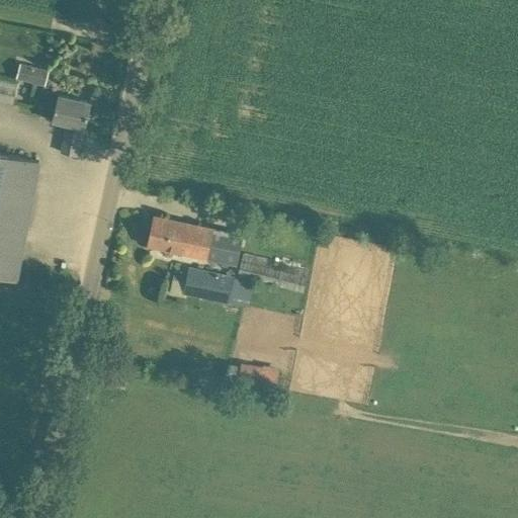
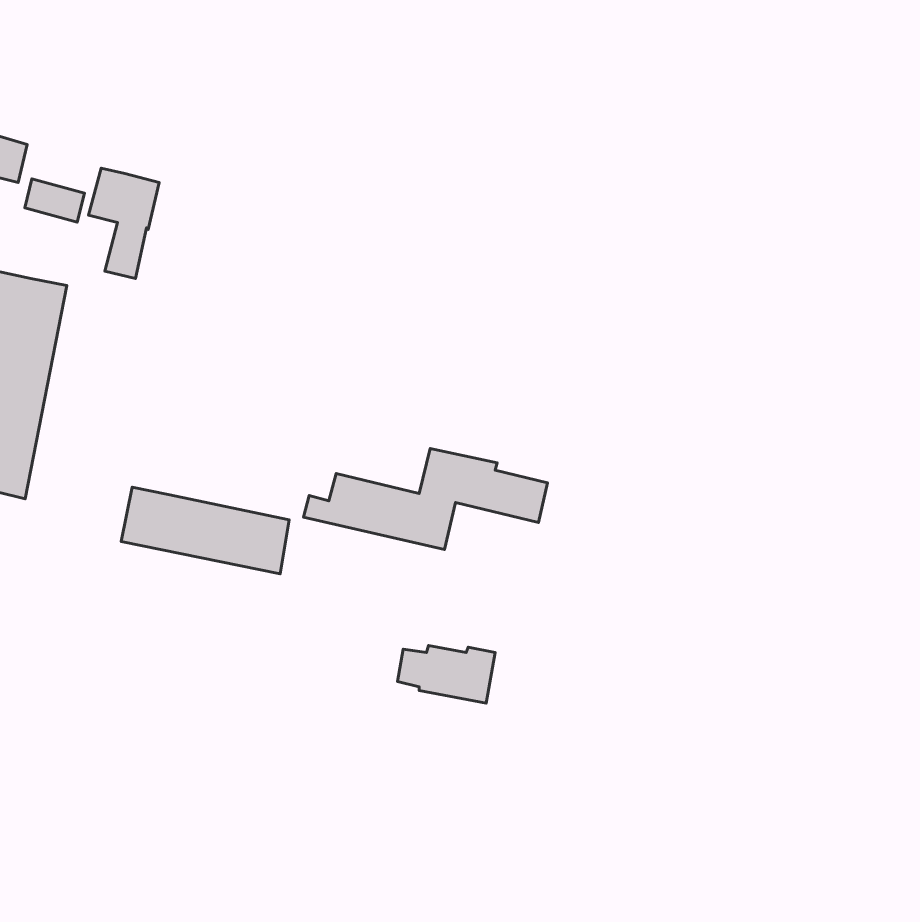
building: [14,63,48,87] -> [25,179,84,222]
building: [147,217,241,265] -> [121,487,289,574]

